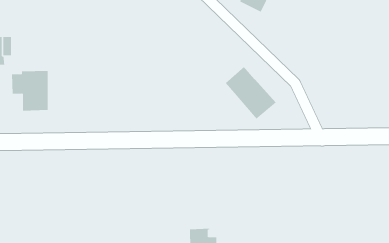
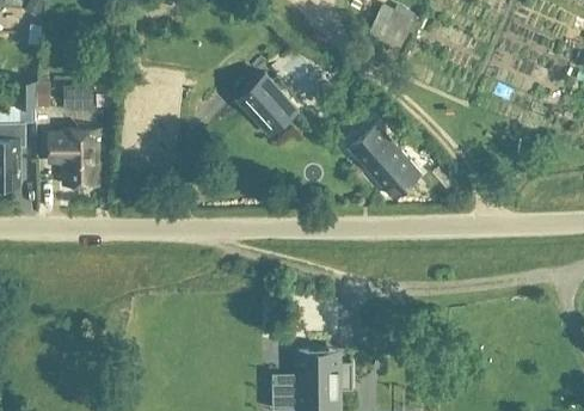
building: none -> [226,62,296,135]
building: none -> [63,86,92,111]

